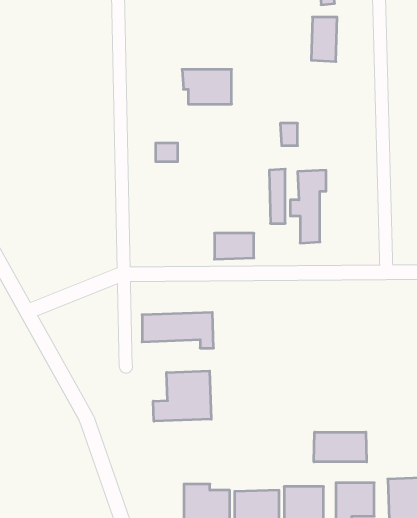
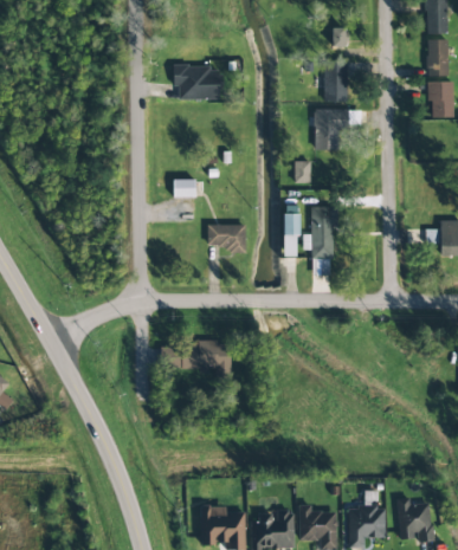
building: none -> [315,109,349,149]
building: [182,69,232,104] -> [174,66,221,99]
building: [214,233,254,259] -> [208,225,246,250]
building: [153,371,211,421] -> none
building: [314,432,367,462] -> none

